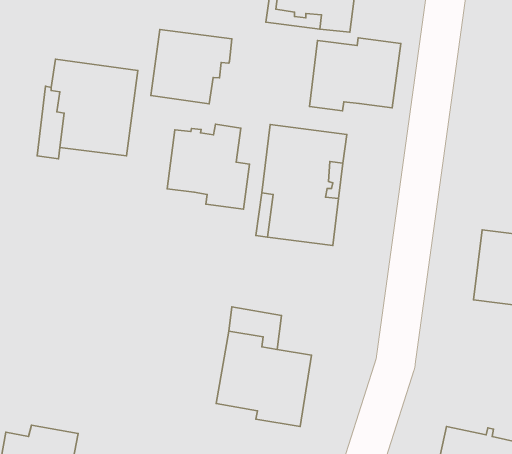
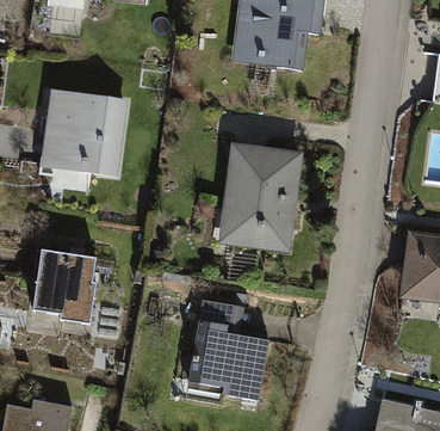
building: [151,30,232,104] -> none
building: [310,38,401,111] -> none
building: [167,124,250,209] -> none
building: none -> [33,251,95,324]

